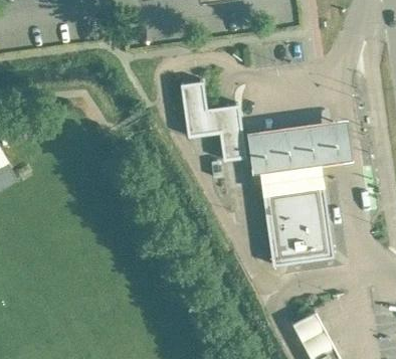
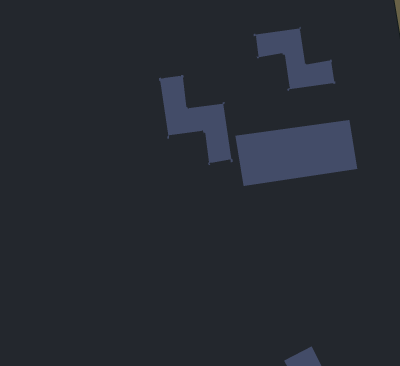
building: none -> [253,26,336,92]
building: [260,183,333,267] -> none

